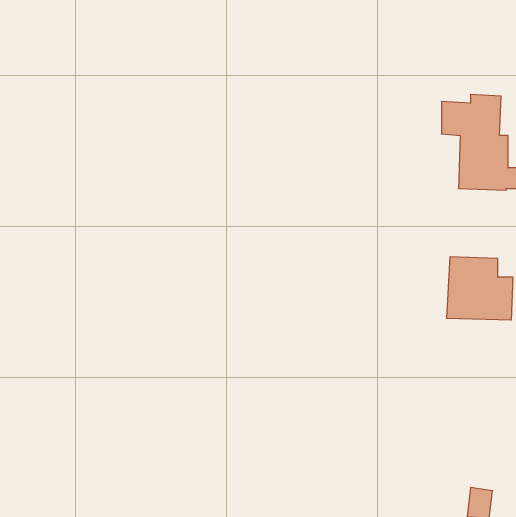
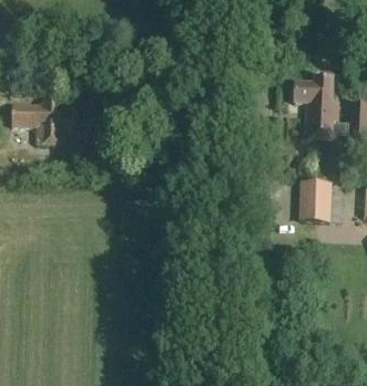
building: none -> [12,95,64,142]

